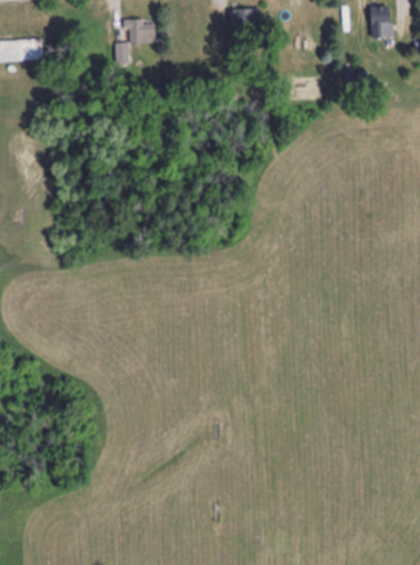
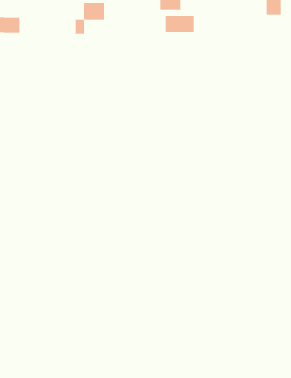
building: none -> [165,15,194,33]

